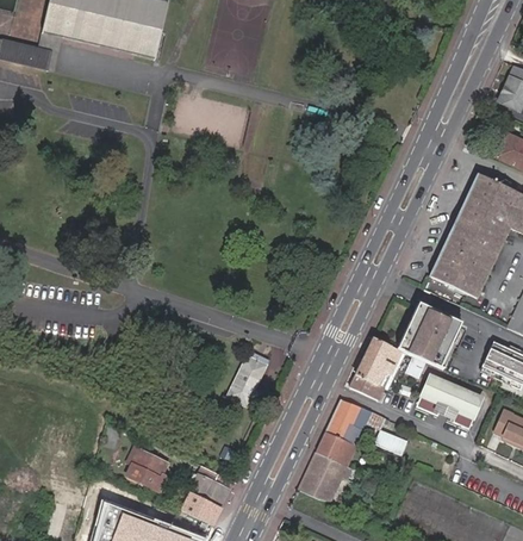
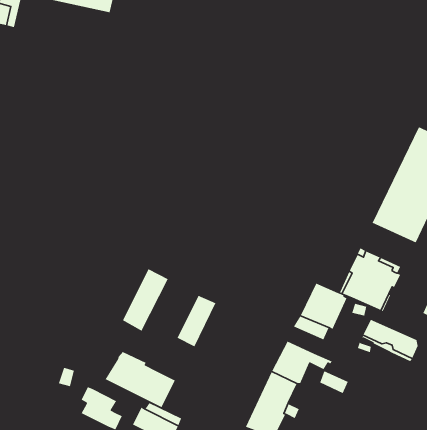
building: none -> [122,268,169,332]
building: none -> [105,351,176,408]

